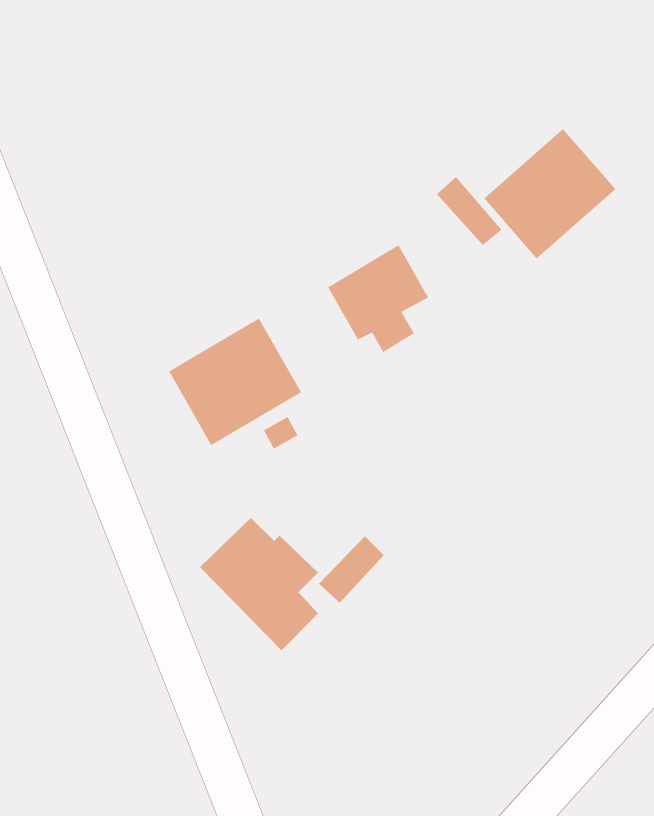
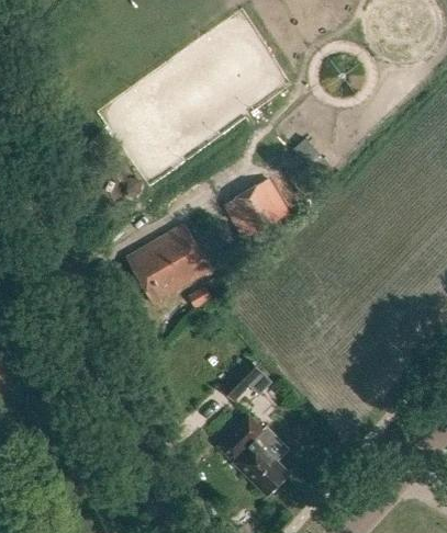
building: [483,128,616,260] -> none
building: [199,517,319,651] -> [219,413,292,496]

